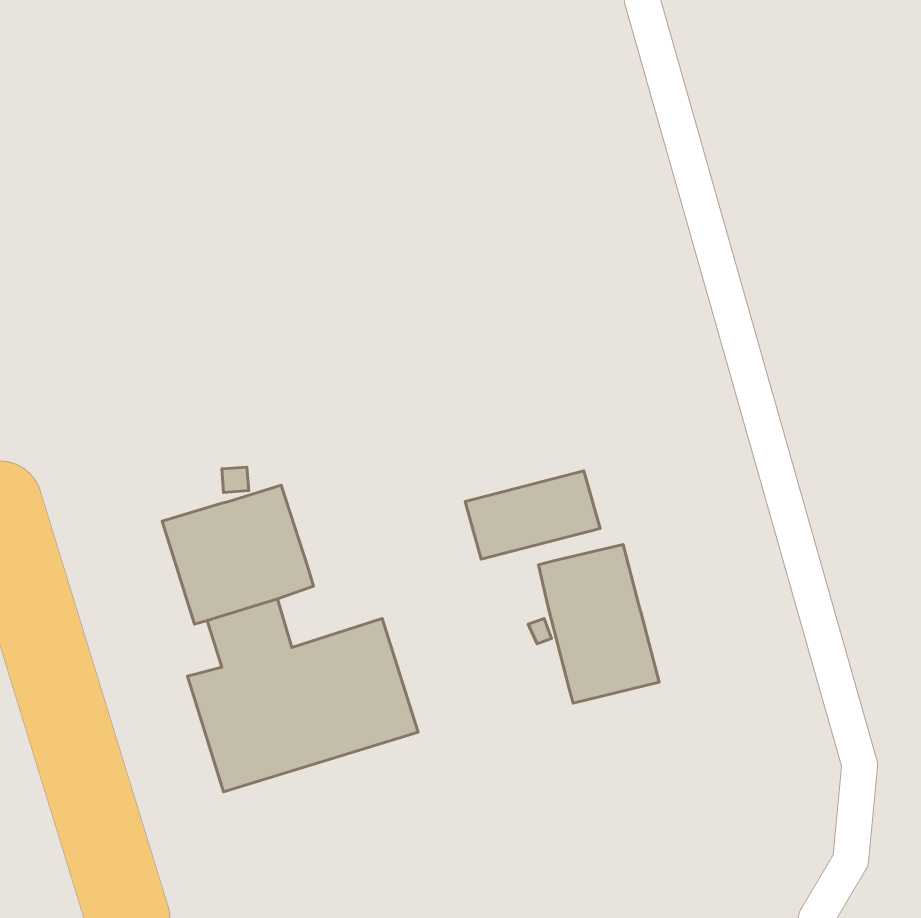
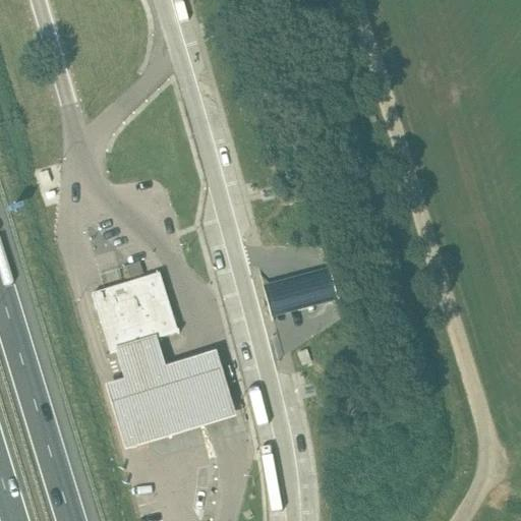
building: [539,544,659,703] -> none

